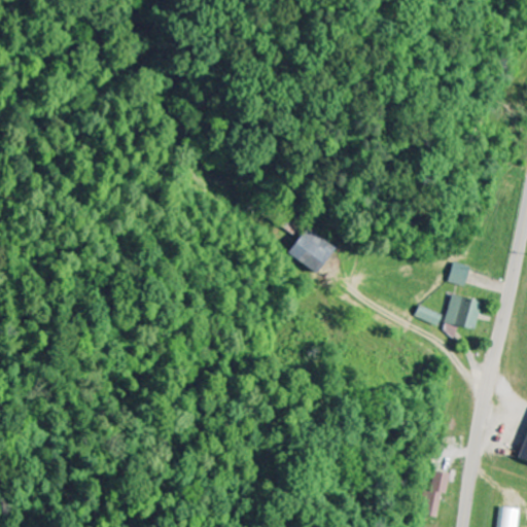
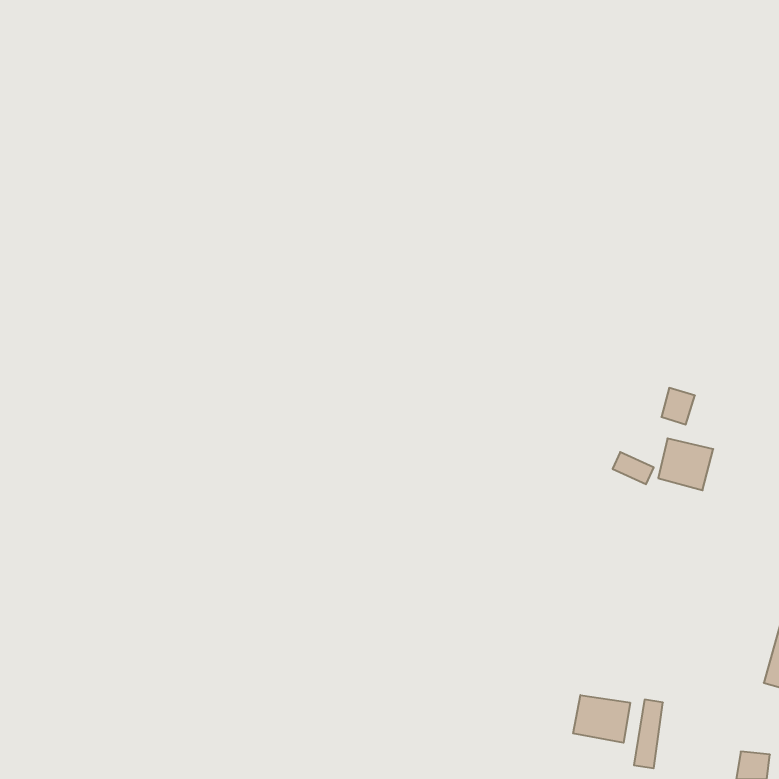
building: [288,227,337,274] -> none
building: none -> [573,695,630,743]

